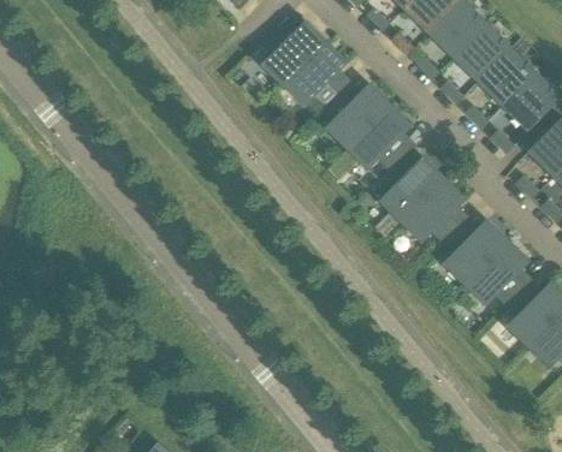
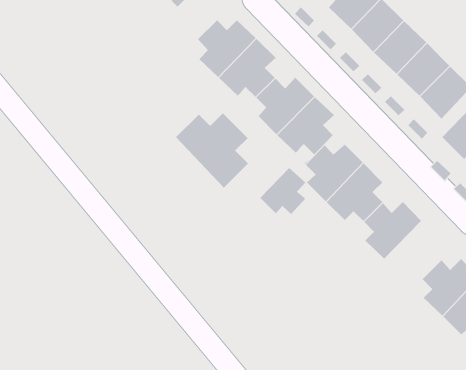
building: none -> [175,113,249,188]
building: none -> [259,167,306,215]
building: [466,243,528,307] -> none

